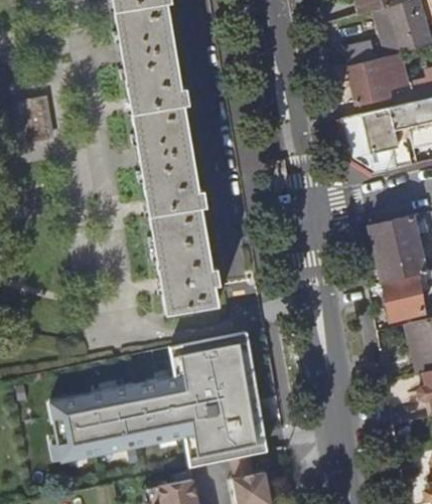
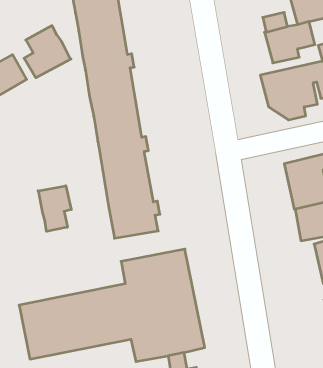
building: none -> [24,26,71,78]
building: none -> [38,186,71,231]

